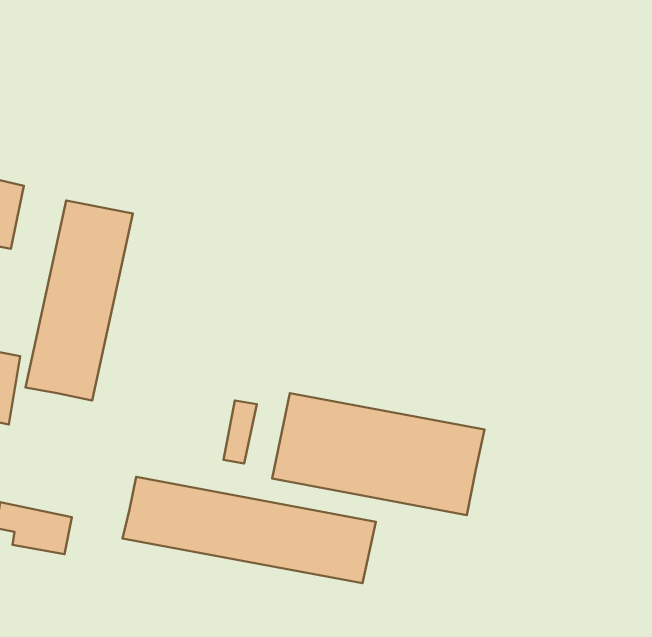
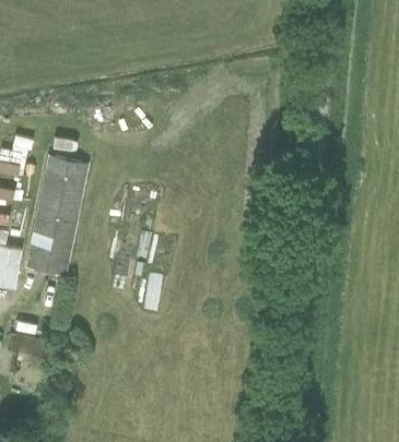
building: [272,393,485,515] -> none
building: [123,477,376,583] -> none

